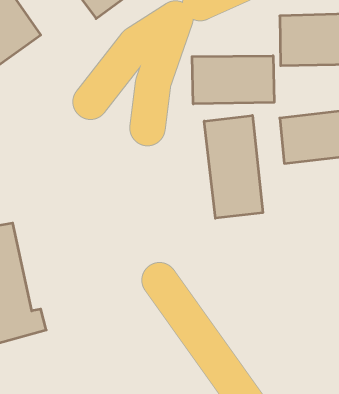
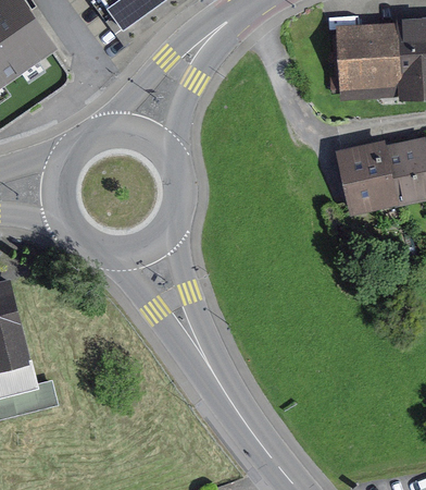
building: [192,56,274,104] -> none
building: [204,115,263,218] -> none

